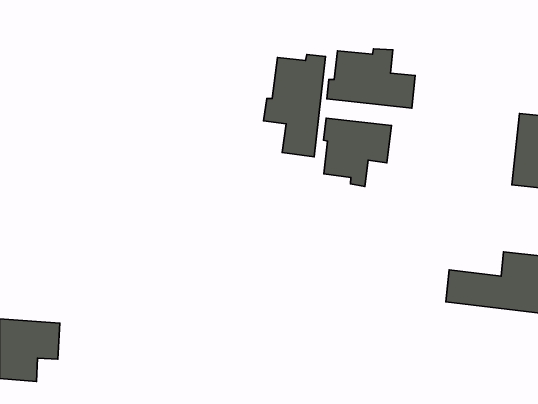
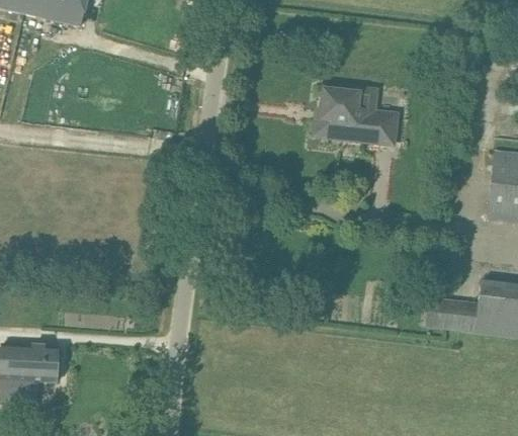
building: [263,54,325,157] -> none
building: [324,118,392,187] -> none

